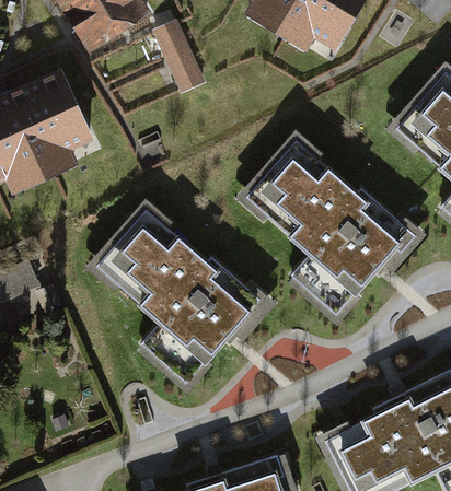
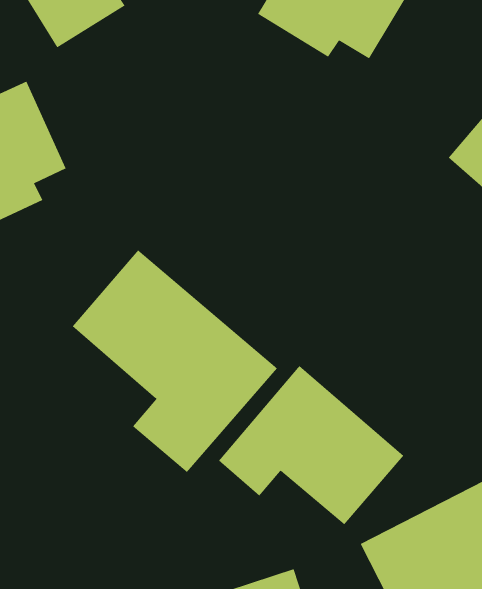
building: [155,20,204,91] -> none
building: [248,139,413,316] -> none
building: none -> [218,365,404,525]

